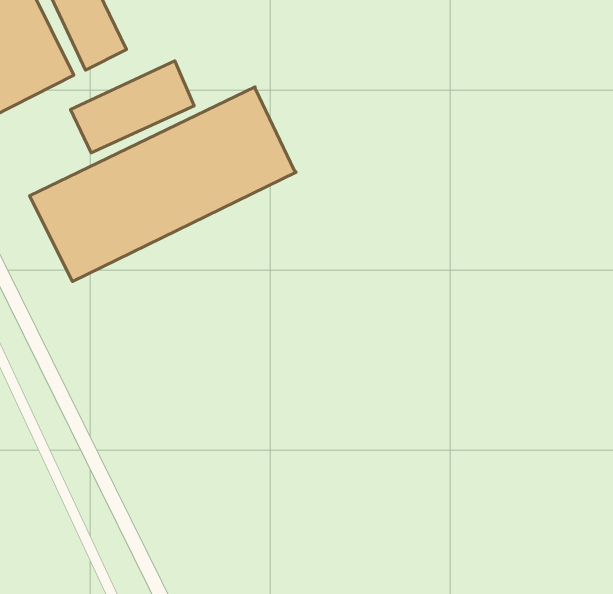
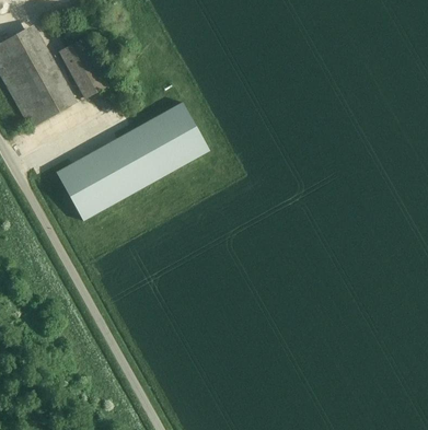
building: [70,61,194,153] -> none

